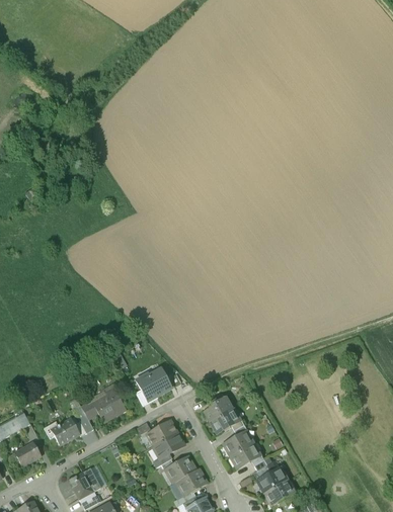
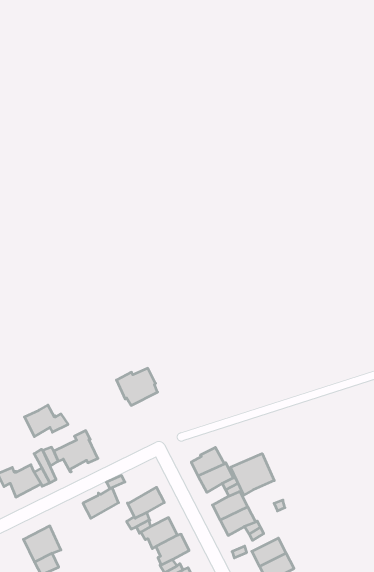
building: none -> [24,405,68,437]
building: [136,368,170,400] -> [116,368,158,405]
building: none -> [231,454,274,495]
building: [147,419,176,445] -> [83,488,119,518]

